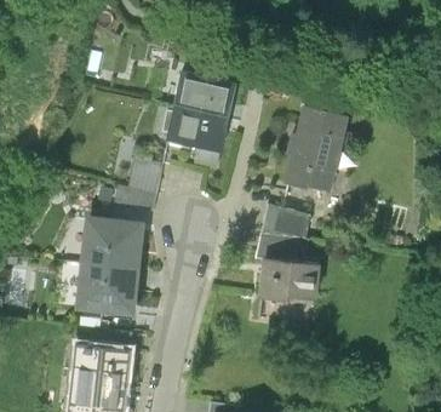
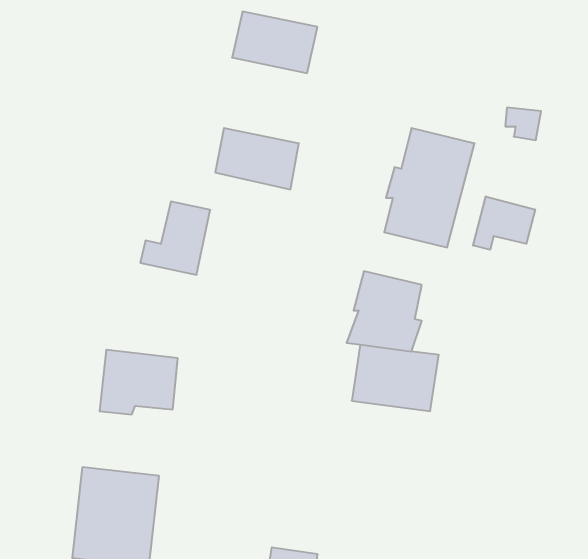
building: [173,71,234,115] -> [232,12,317,73]
building: none -> [473,196,535,250]
building: [90,217,145,268] -> none

